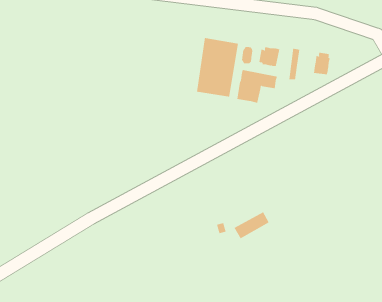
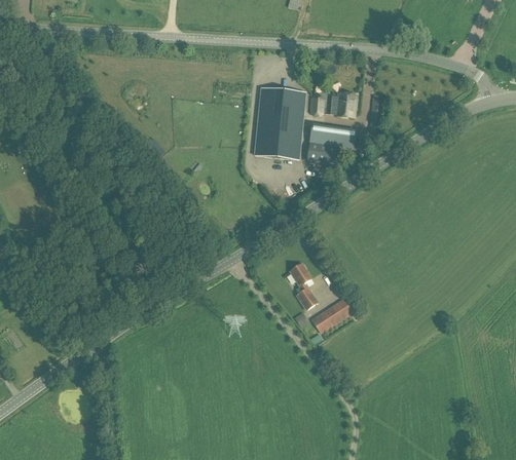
building: [313,52,330,75] -> none
building: none -> [290,263,318,308]

